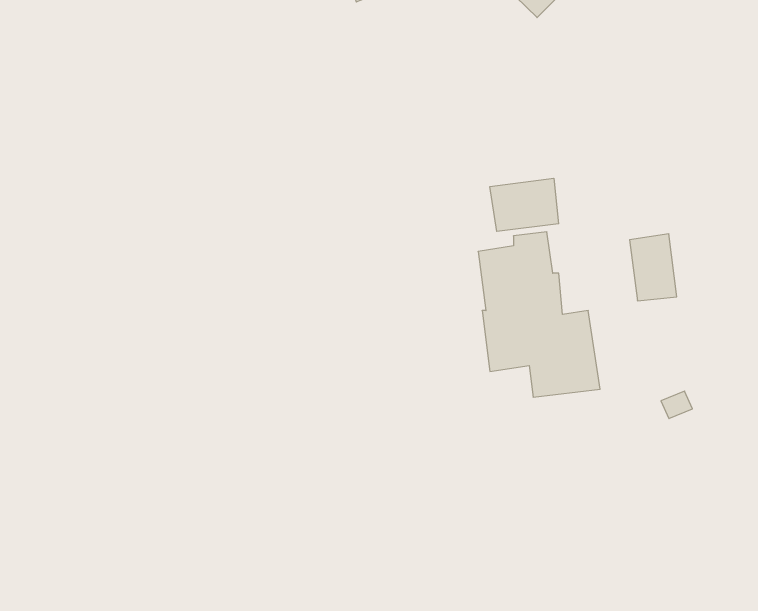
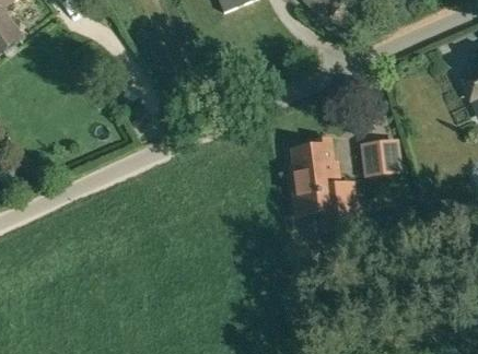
building: [490,178,559,231] -> none

